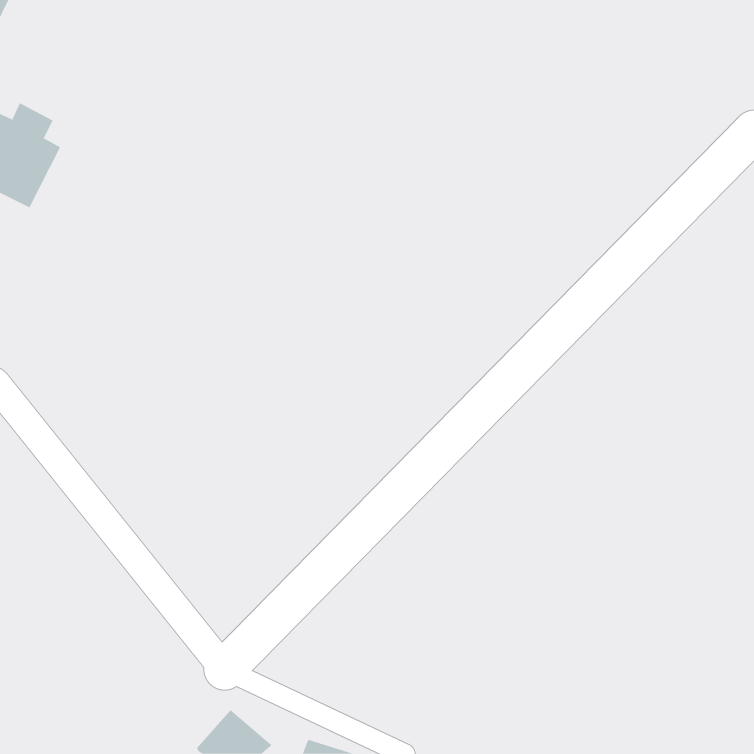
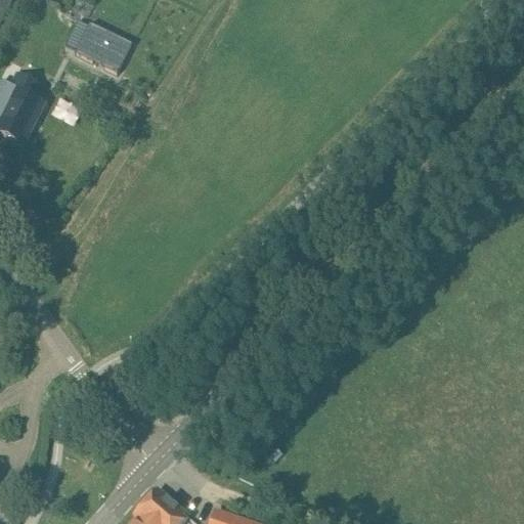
building: none -> [71,21,129,74]

